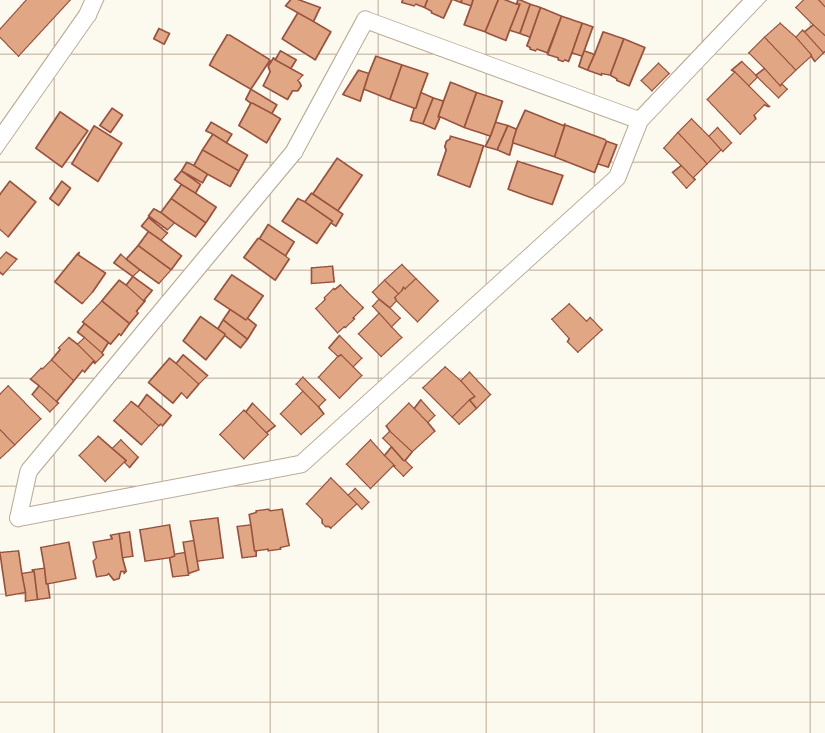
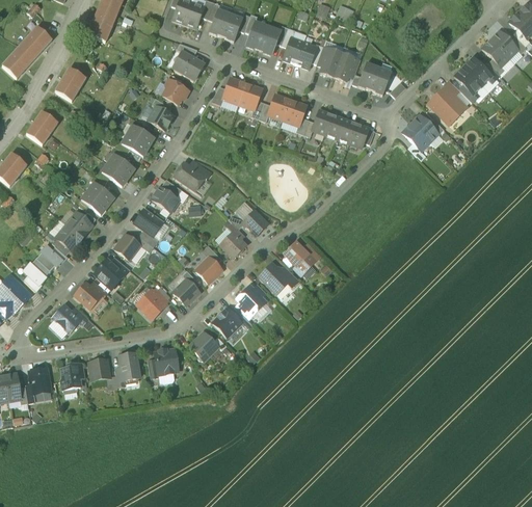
building: [209,35,270,89] -> none
building: [72,126,122,181] -> [56,66,86,100]
building: [438,136,484,187] -> none
building: [313,158,362,211] -> none
building: [508,161,563,204] -> none
building: [55,253,105,304] -> none
building: [316,285,363,333] -> none
building: [552,304,602,352] -> [286,243,316,272]

